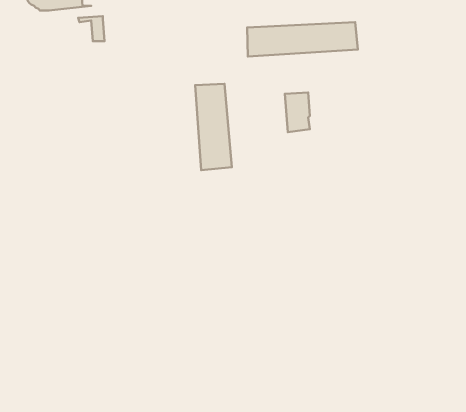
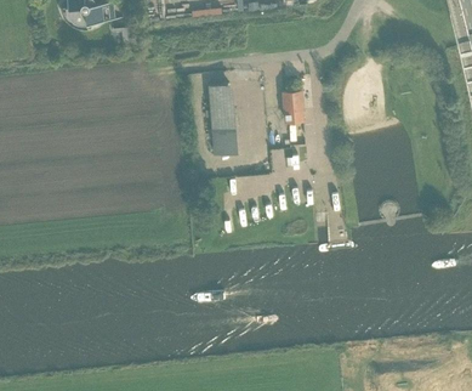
building: [247,22,358,56] -> none

